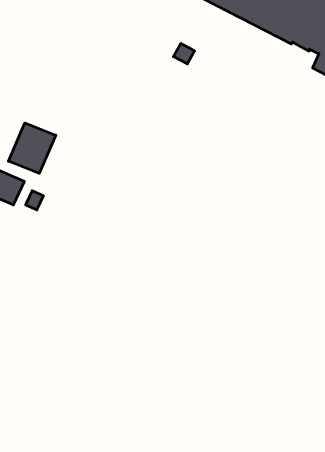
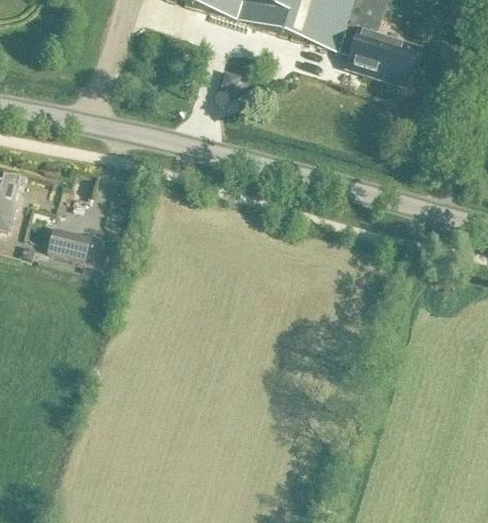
building: [8,123,56,173] -> none

